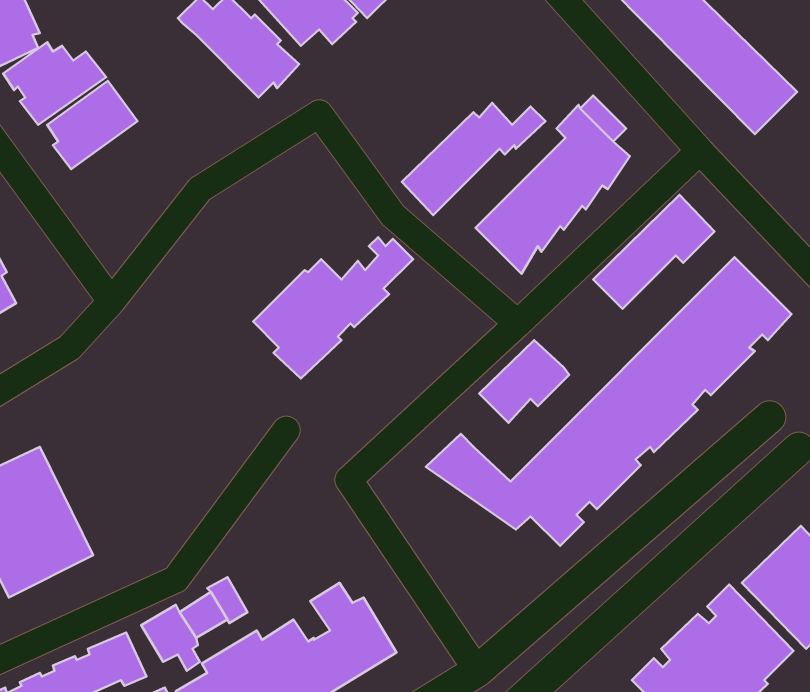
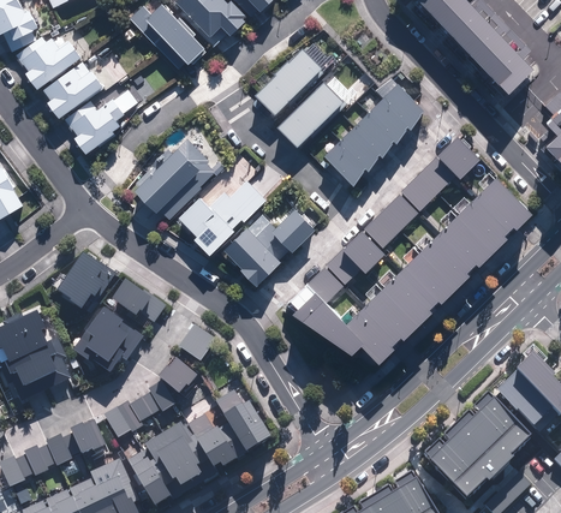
building: none -> [253,41,333,117]
building: none -> [65,89,138,155]
building: none -> [133,139,215,220]
building: none -> [362,191,419,249]
building: none -> [221,209,315,287]
building: none -> [58,256,117,315]
building: none -> [308,266,345,304]
building: none -> [113,284,167,326]
building: none -> [73,310,144,378]
building: none -> [178,326,217,365]
building: none -> [159,360,198,398]

